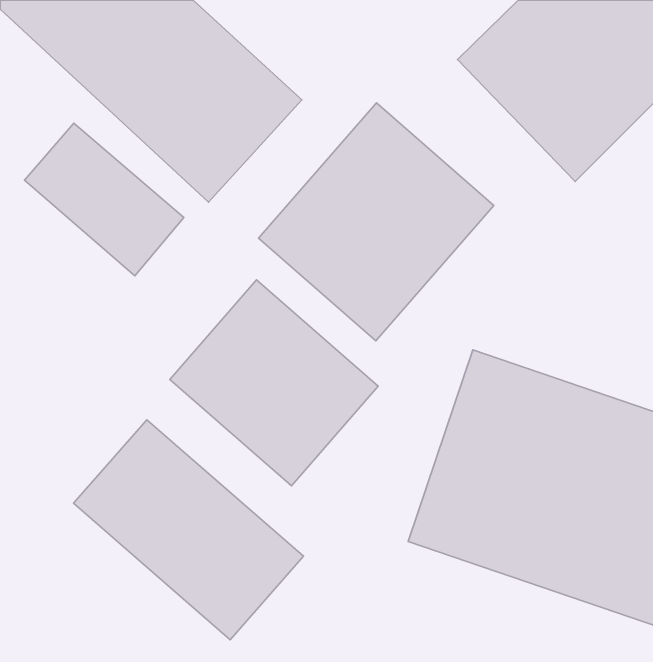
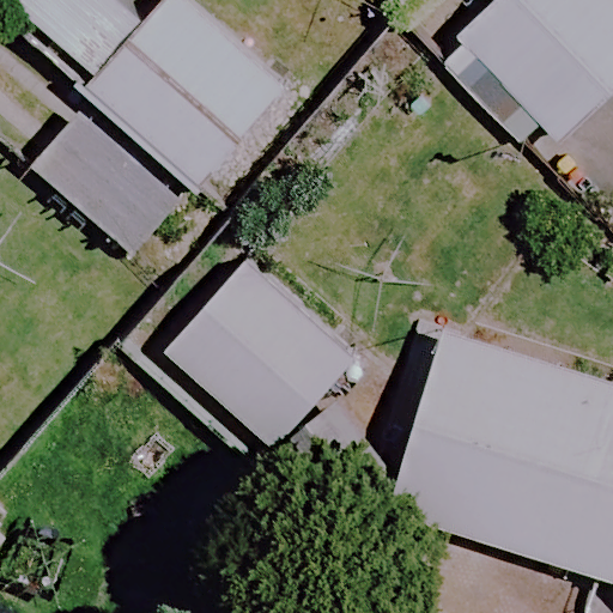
building: [258,103,494,341] -> none
building: [73,420,303,640] -> none

